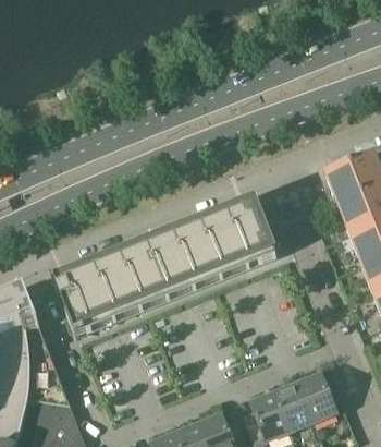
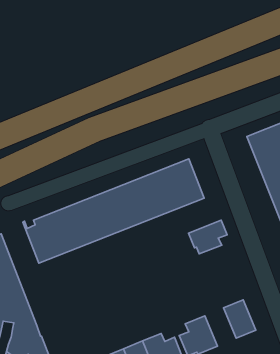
building: none -> [189,220,227,254]
building: [276,384,315,431] -> none

